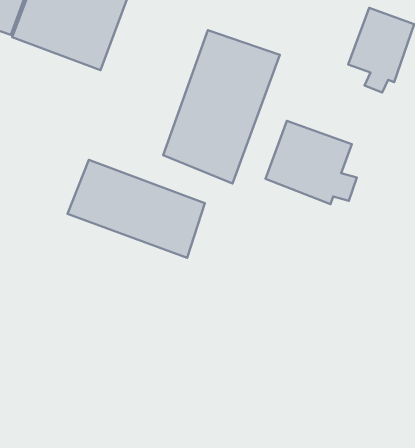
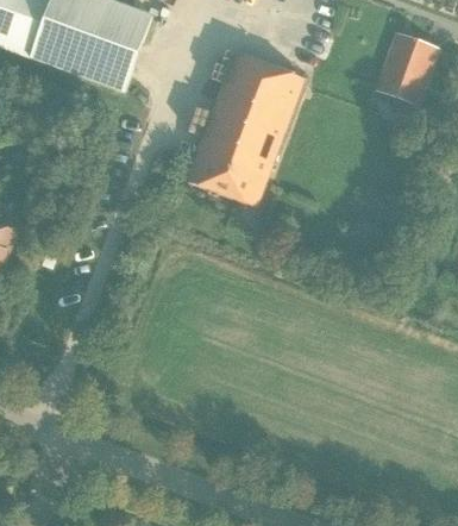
building: [266,121,357,204] -> none
building: [67,160,205,258] -> none

